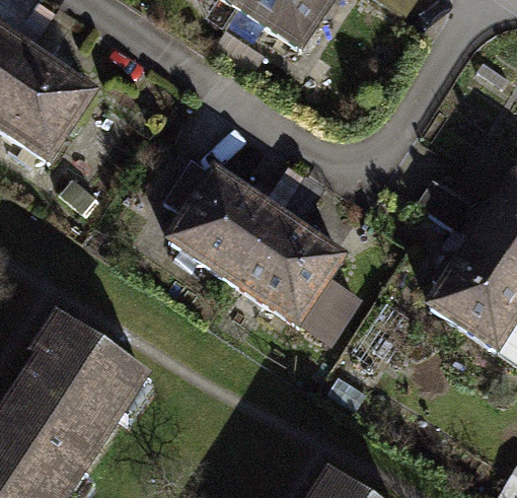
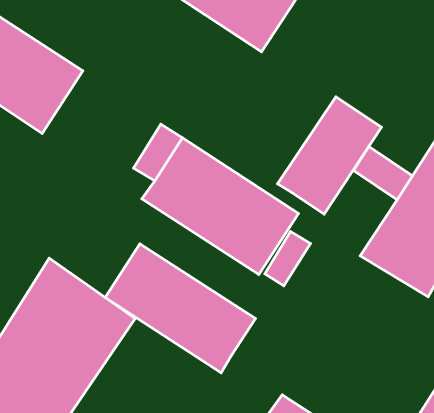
building: none -> [278,97,382,214]
building: none -> [105,244,256,373]

